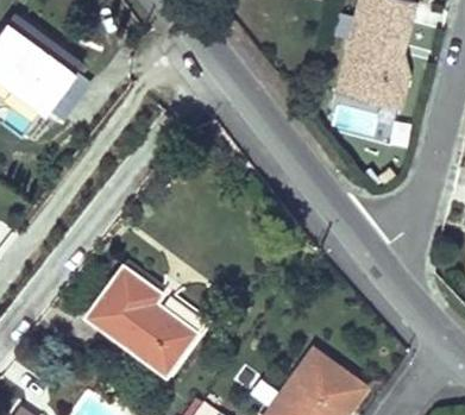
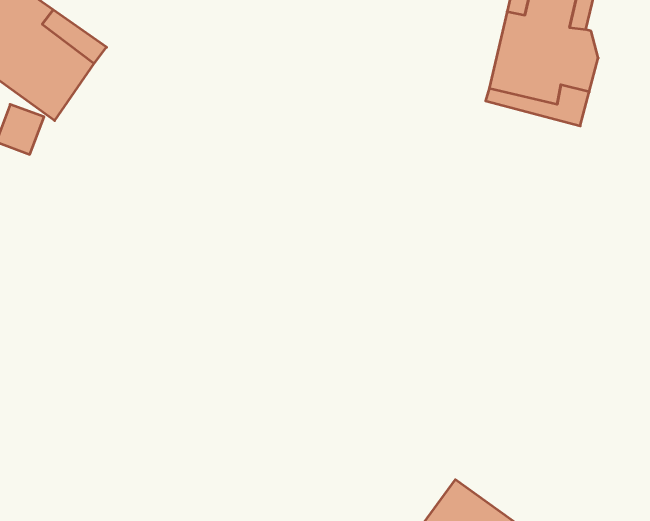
building: [90,269,194,371] -> none

